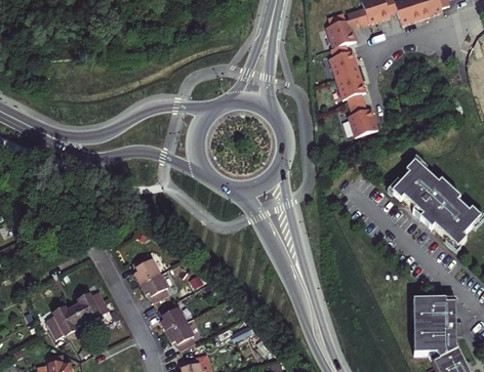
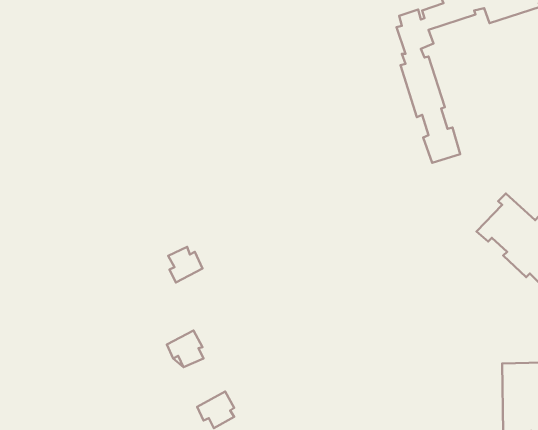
building: [135,254,163,283] -> [168,247,202,282]
building: [45,292,109,339] -> none
building: [159,302,189,333] -> none

